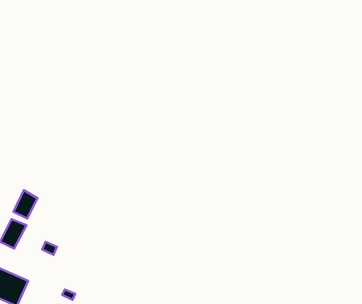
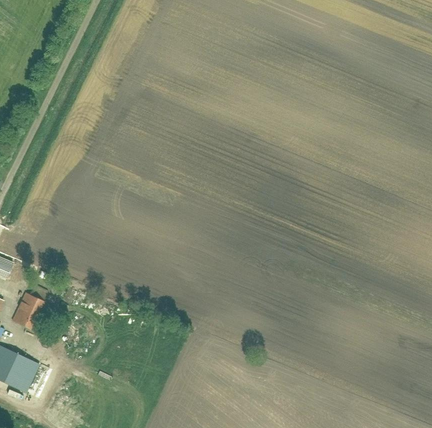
building: [13,190,37,219] -> none

